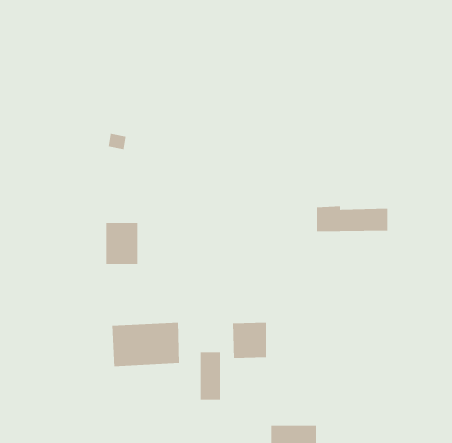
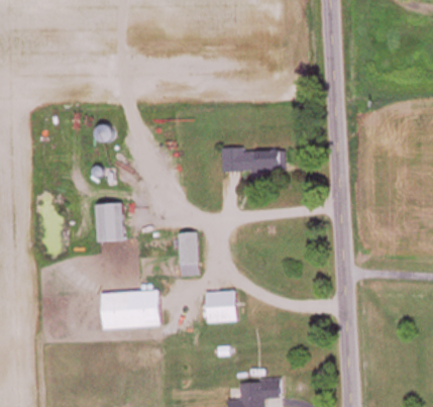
building: [316,206,388,232] -> [221,147,284,171]
building: [200,352,221,400] -> [179,232,197,275]

